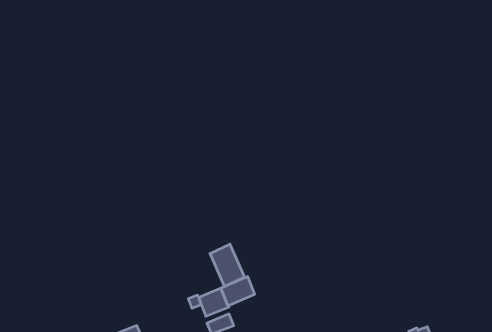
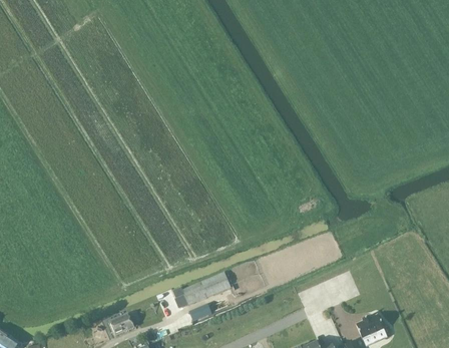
building: [210,244,244,287] -> none

